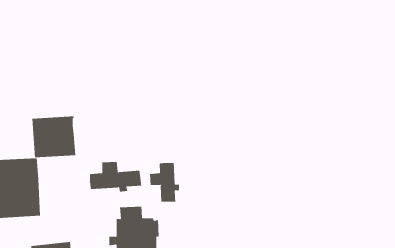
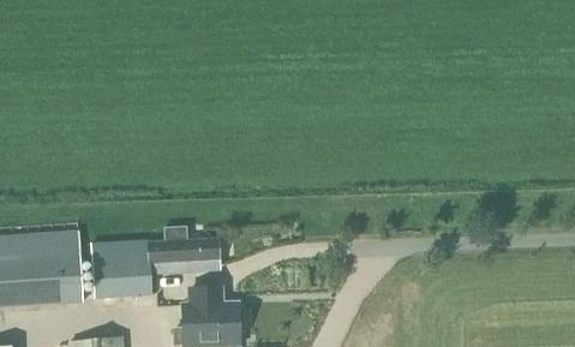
building: [31,116,76,158] -> [92,240,154,298]
building: [149,162,179,203] -> none

